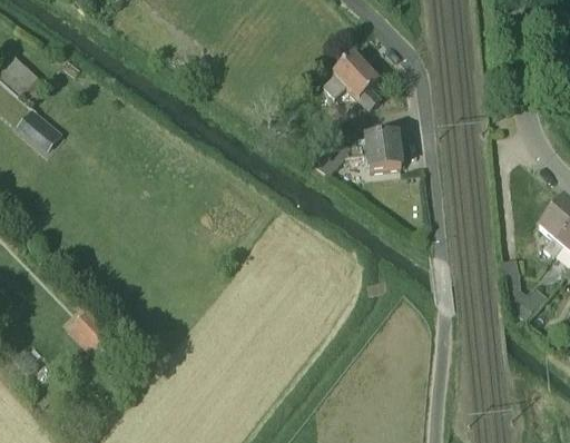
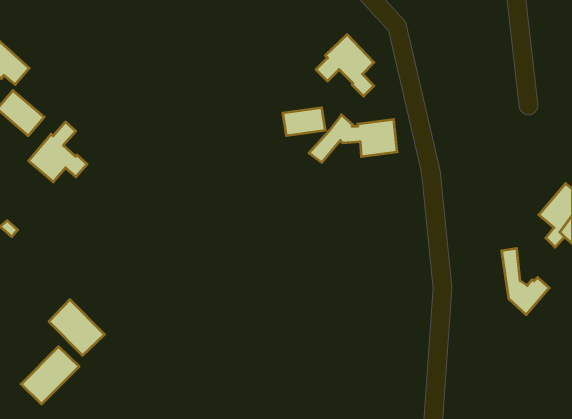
building: none -> [283,108,325,136]
building: none -> [29,122,87,182]
building: none -> [21,347,79,404]

